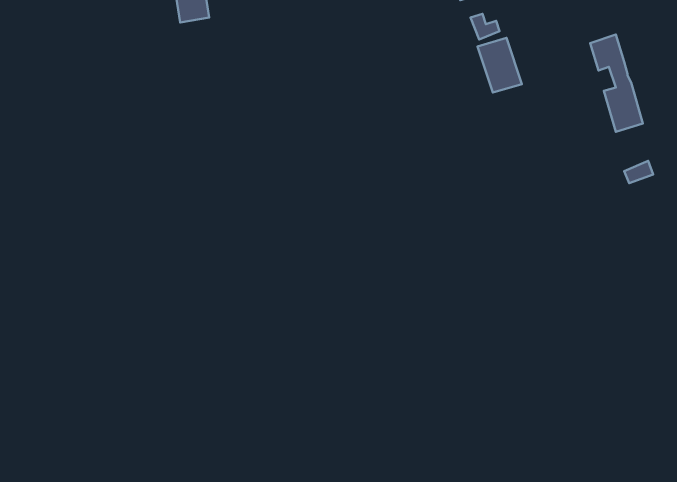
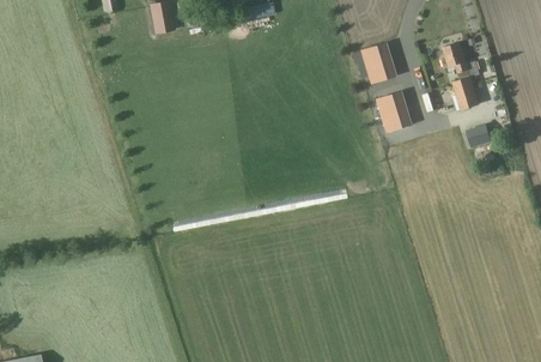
building: none -> [378,91,408,131]

